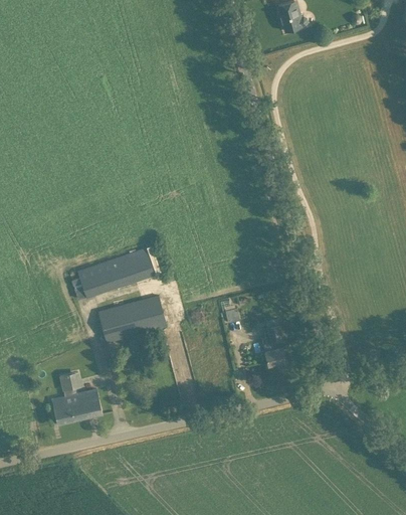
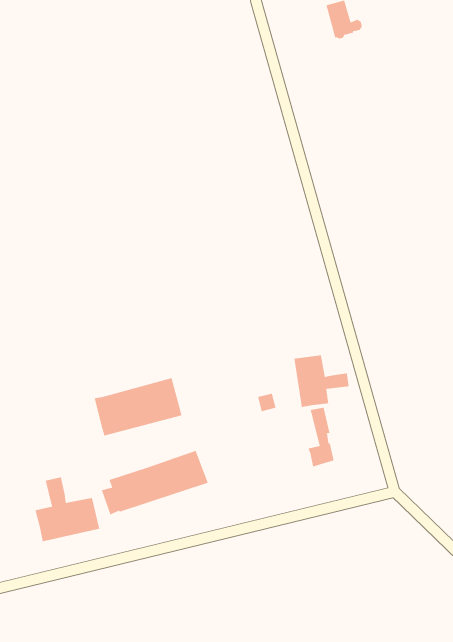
building: [71,247,156,299] -> [101,450,209,516]
building: none -> [294,354,350,408]

